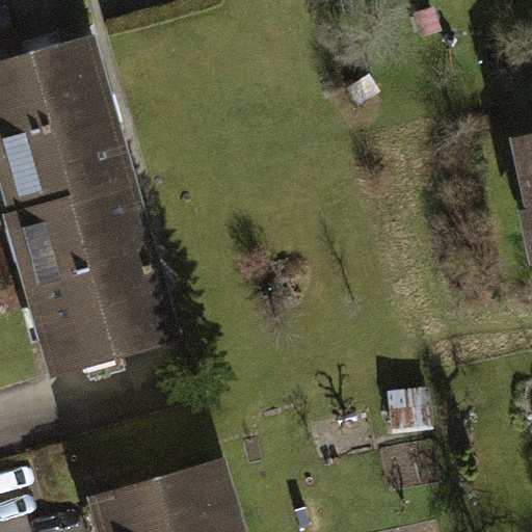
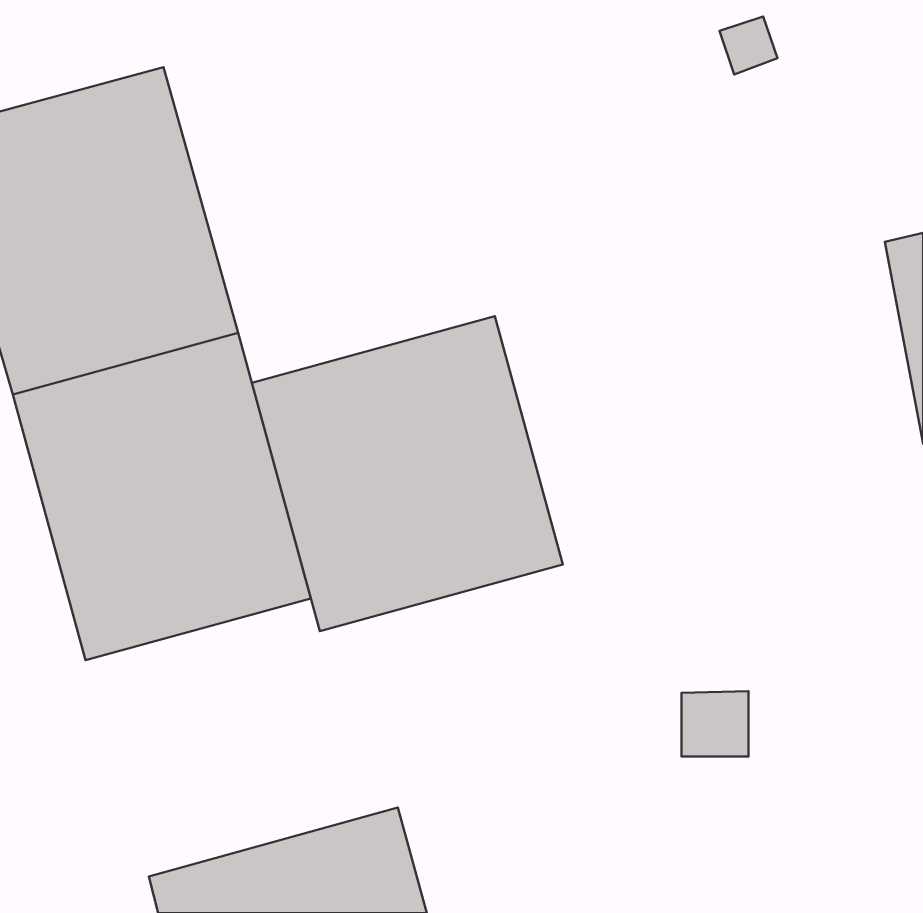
building: none -> [252,316,563,631]

